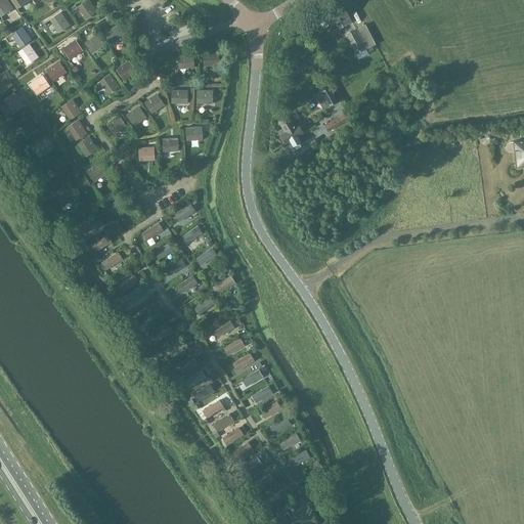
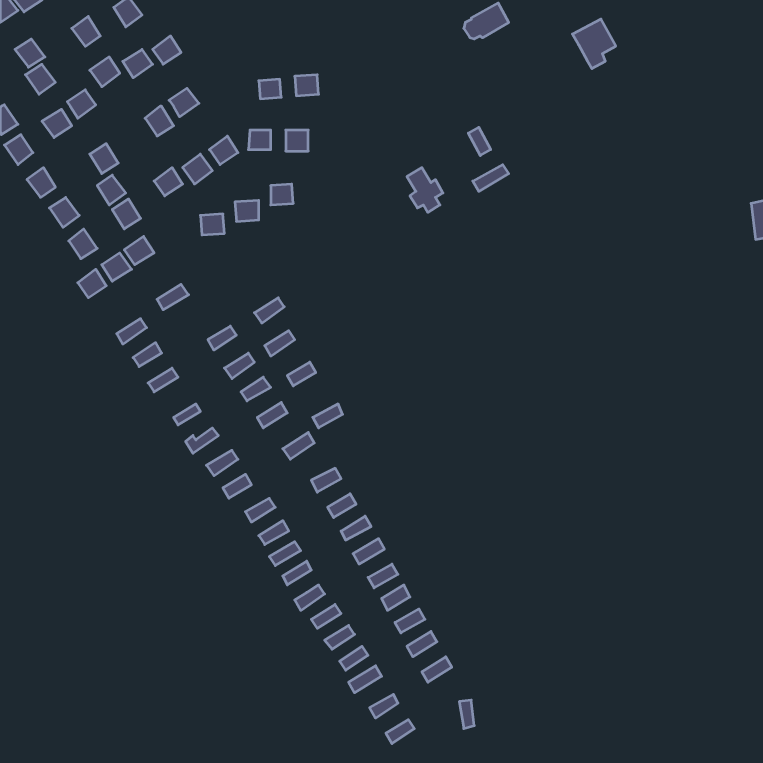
building: [345,25,375,58] -> [572,19,616,69]

